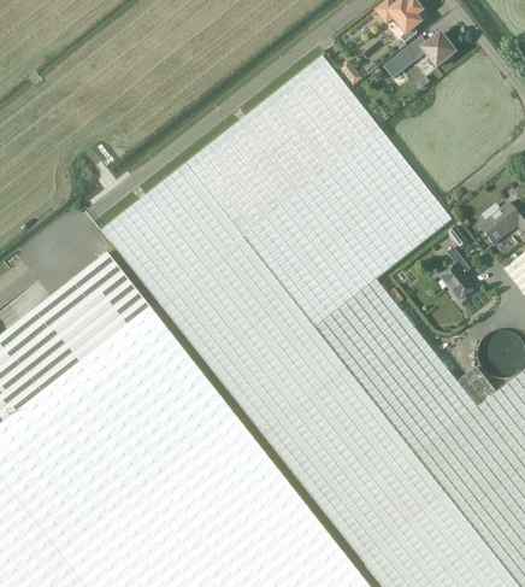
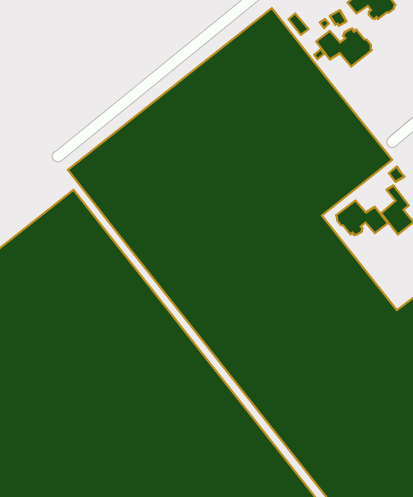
building: none -> [316,29,372,66]
building: none -> [336,200,388,235]

